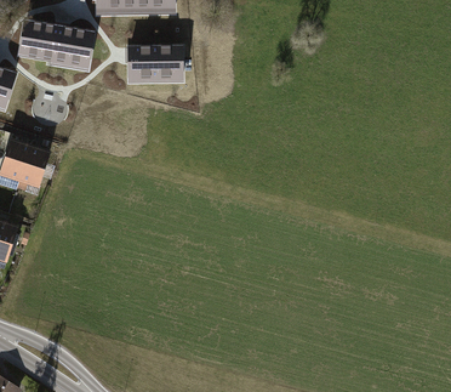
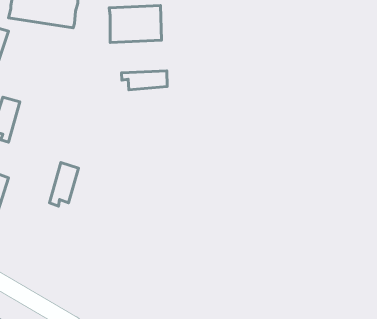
building: none -> [121,71,167,90]
building: [17,146,48,193] -> [50,162,79,206]

